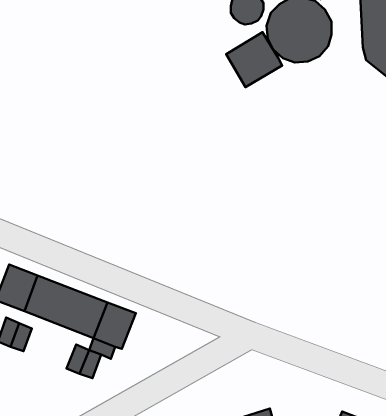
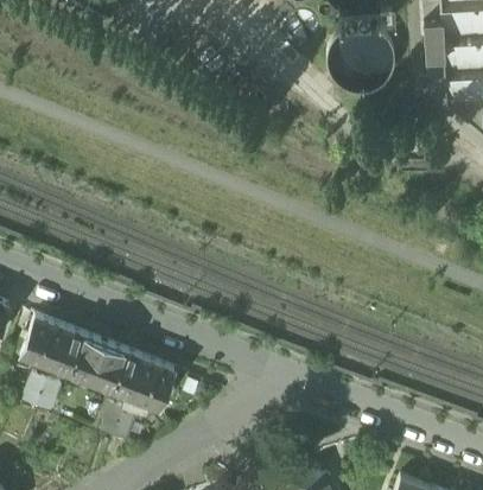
building: [226,32,282,87] -> none

